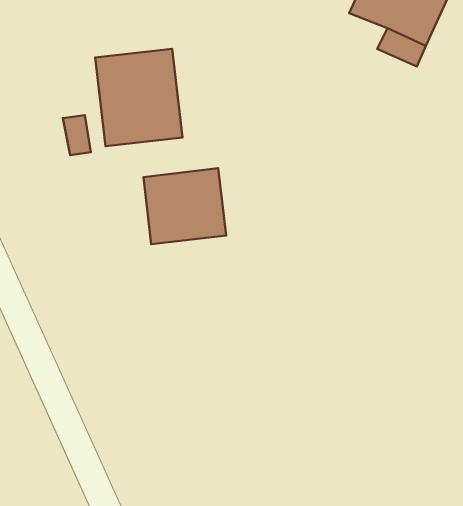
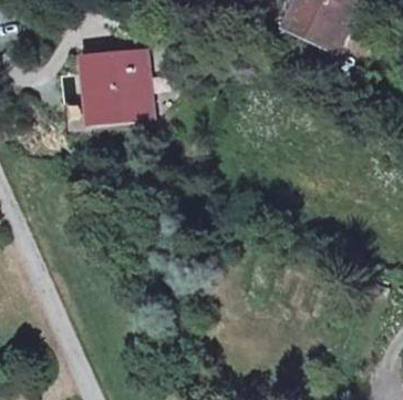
building: [143,168,226,244] -> none

